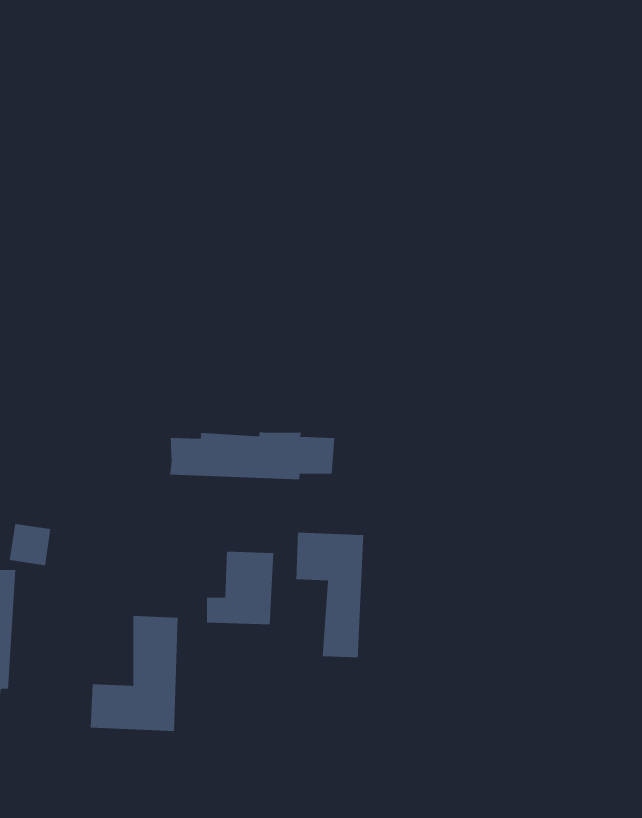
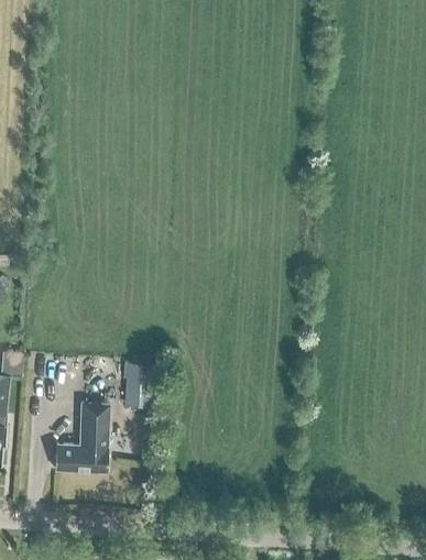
building: [169,431,335,480] -> none
building: [296,532,364,658] -> none

